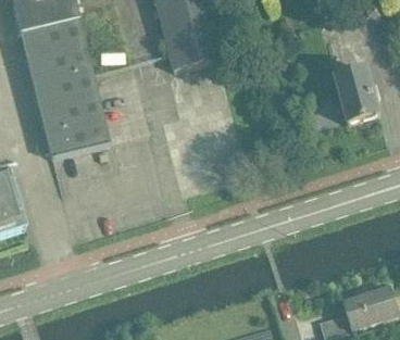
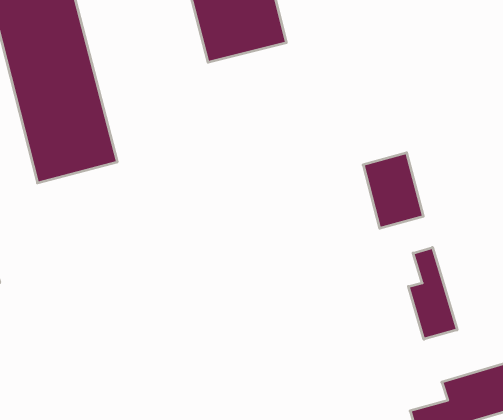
building: [336,67,379,122] -> [363,153,423,228]
building: none -> [408,247,457,339]

